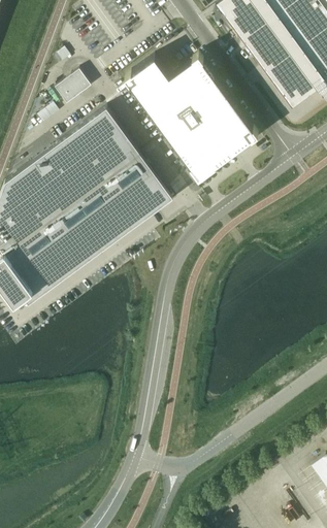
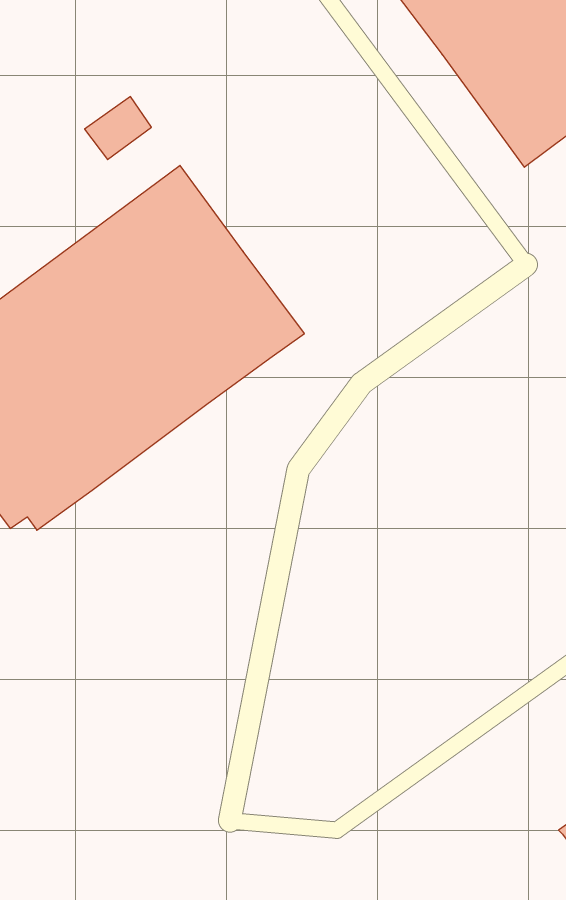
building: [124,54,257,175] -> none

